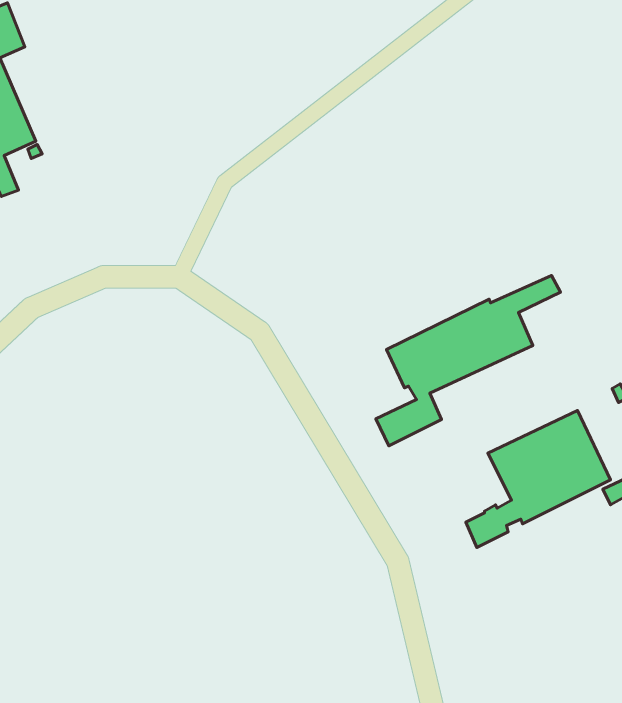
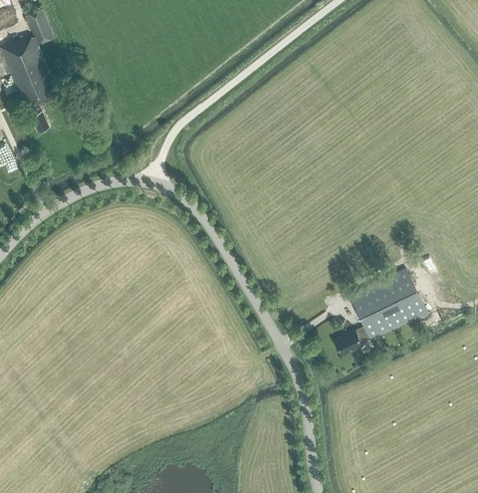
building: [376,275,561,446] -> none

